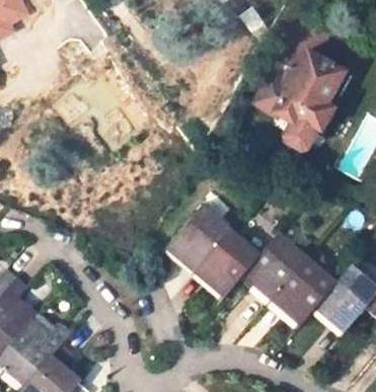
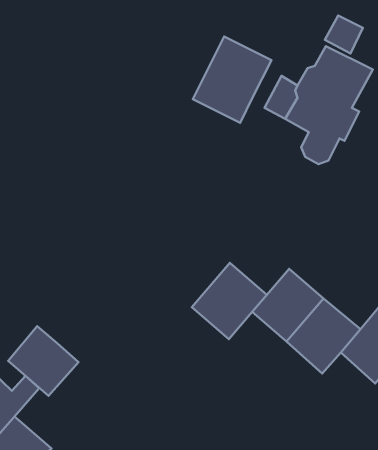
building: none -> [193,36,271,123]
building: [169,208,227,267] -> none
building: none -> [8,326,79,396]

